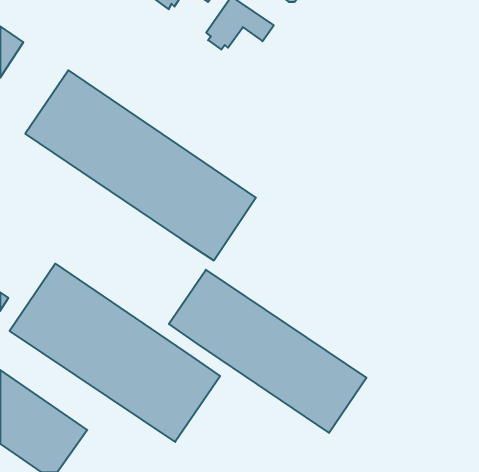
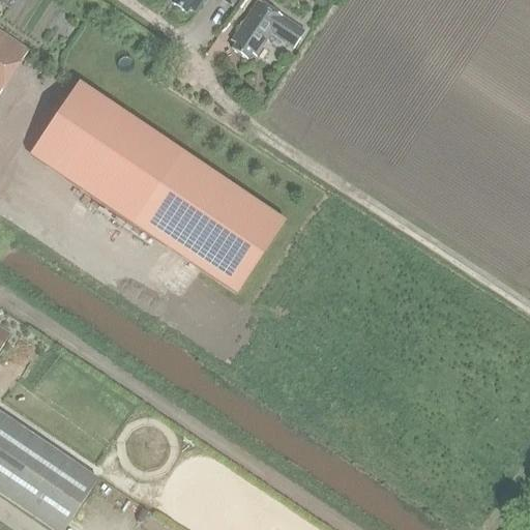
building: [10,264,220,442] -> none
building: [169,270,366,433] -> none

